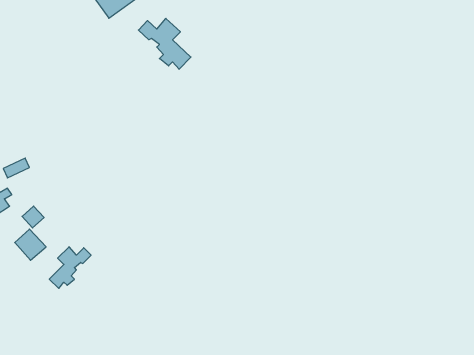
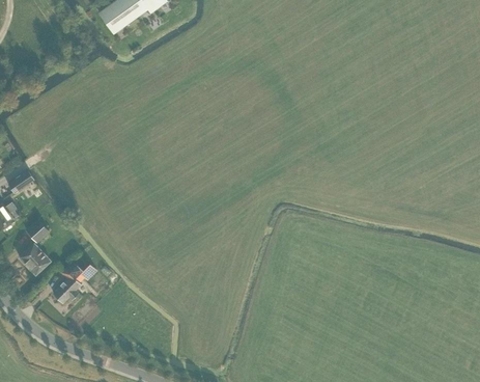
building: [138,18,191,69] -> none

